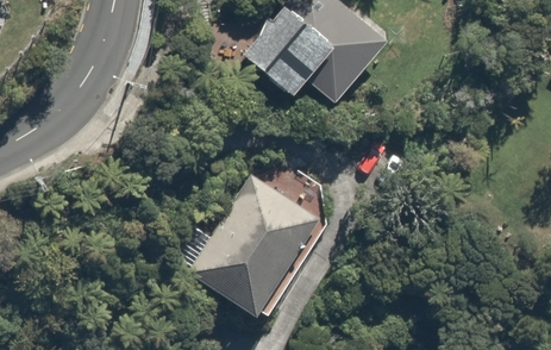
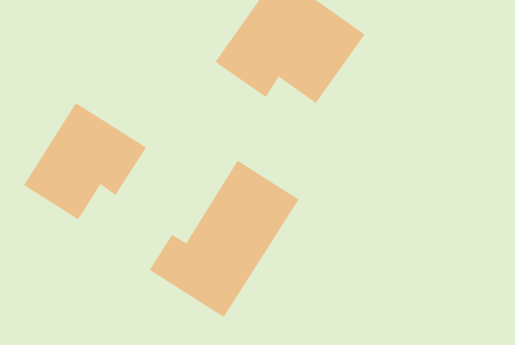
building: none -> [23,102,147,220]

